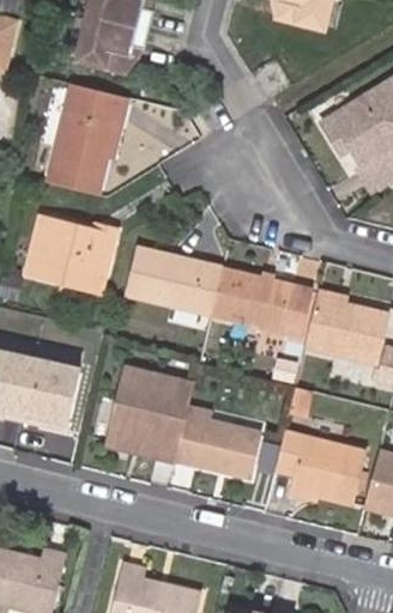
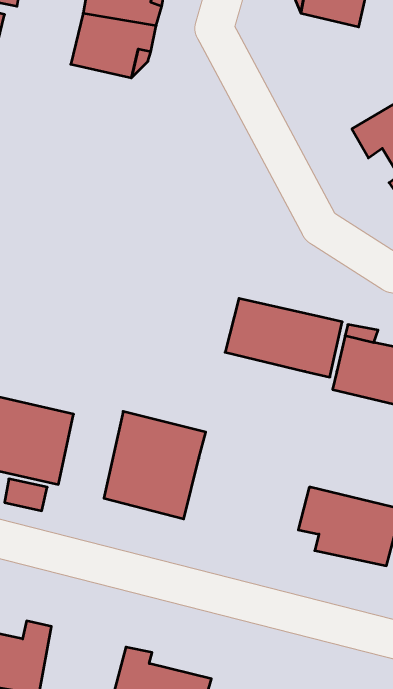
building: [50,89,126,194] -> none
building: [29,218,114,285] -> none
building: [125,248,223,315] -> none
building: [175,407,258,475] -> none

